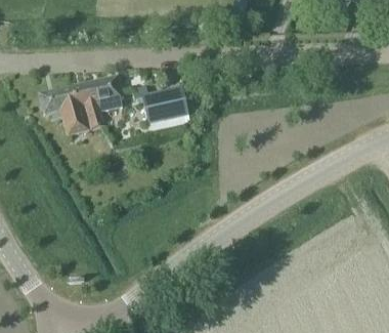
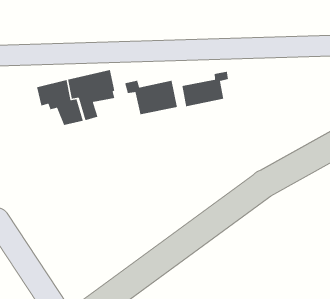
building: none -> [181,71,229,107]

